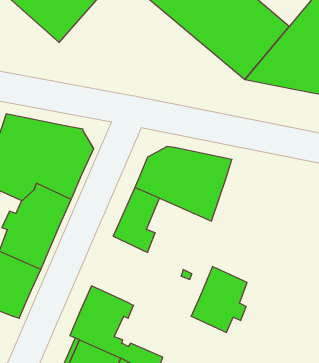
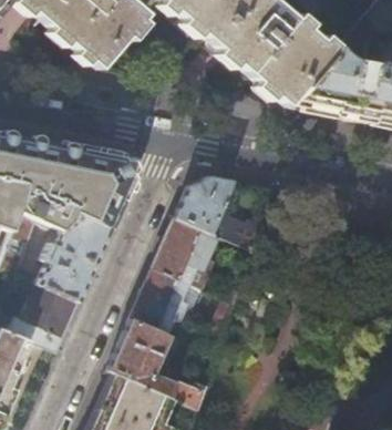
building: [191,266,247,332] -> [130,265,187,332]

